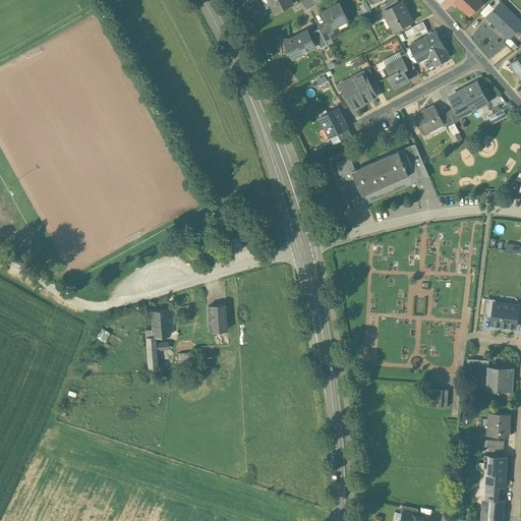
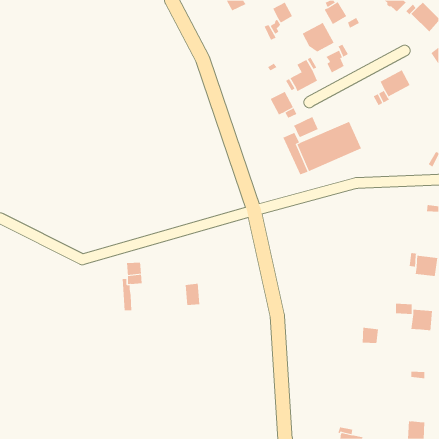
building: [410,32,449,67] -> [302,22,334,52]
building: [279,34,314,57] -> none
building: [413,105,444,134] -> none
building: none -> [293,116,319,138]
building: [208,304,226,331] -> [185,283,200,305]
building: [487,412,509,436] -> none
building: [485,455,506,500] -> none

